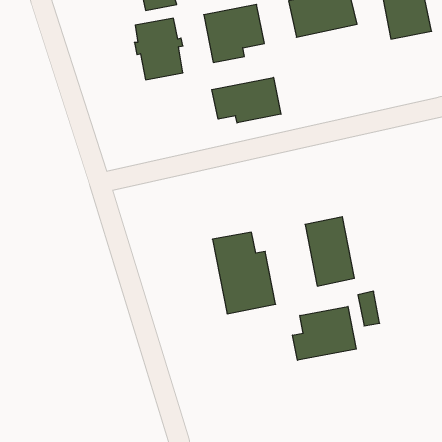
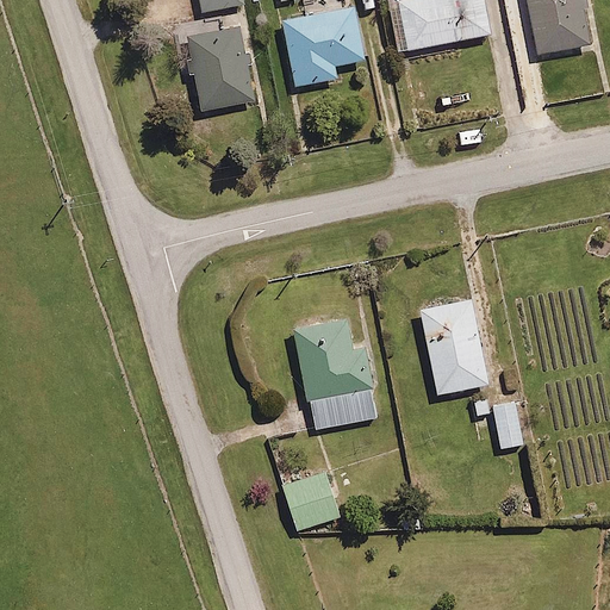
building: [212,77,281,123] -> none
building: [293,306,356,360] -> none
building: none -> [281,471,340,530]

